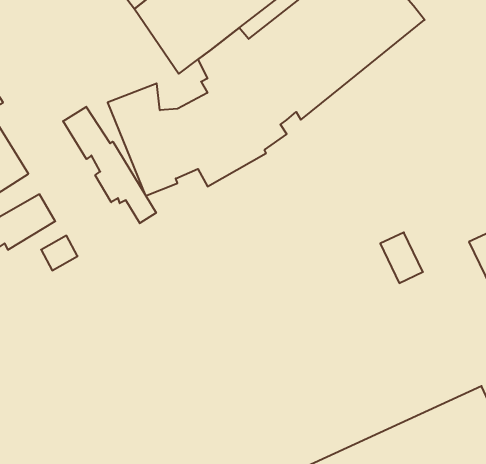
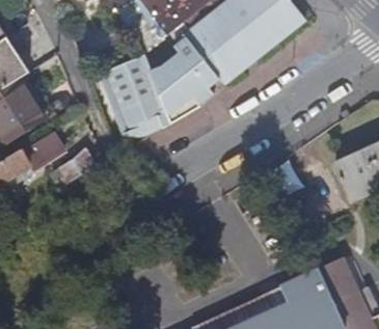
building: [63,107,156,223] -> none

